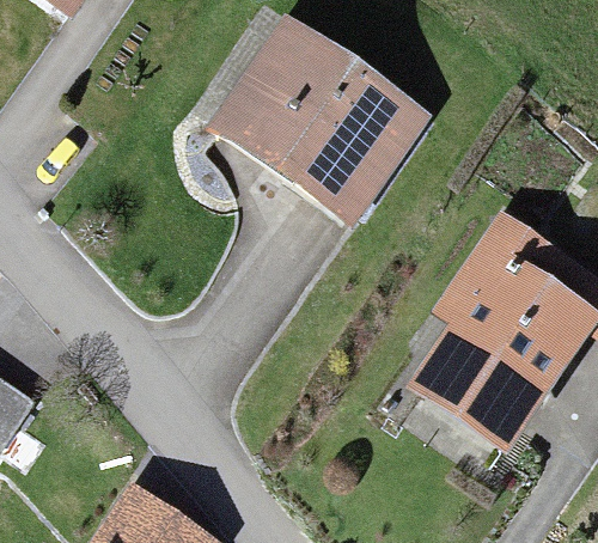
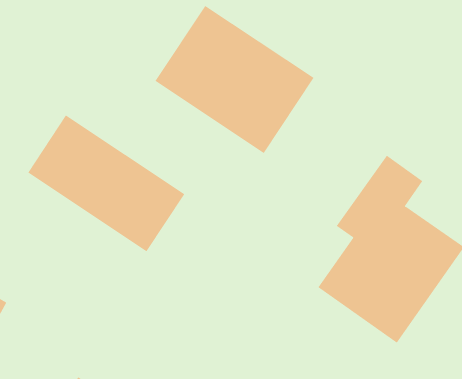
building: none -> [27,114,185,252]

